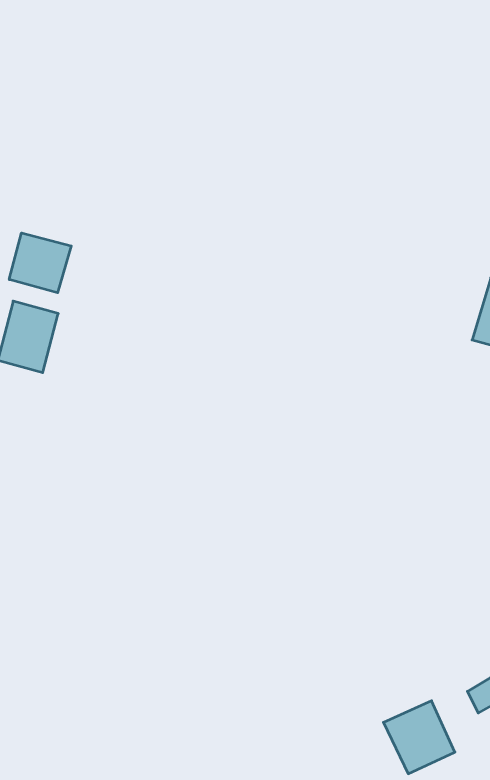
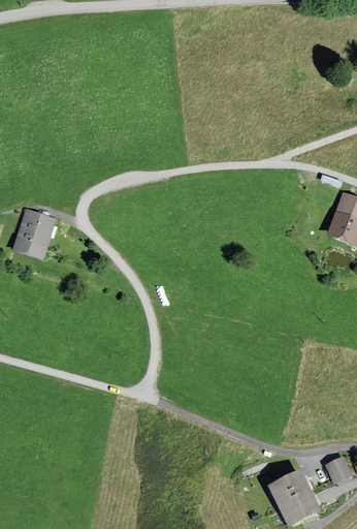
building: [9,233,71,293] -> none

